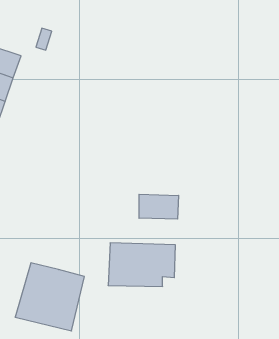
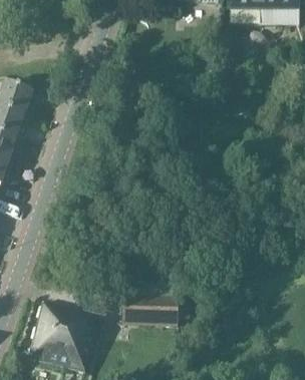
building: [139,194,179,219] -> none

